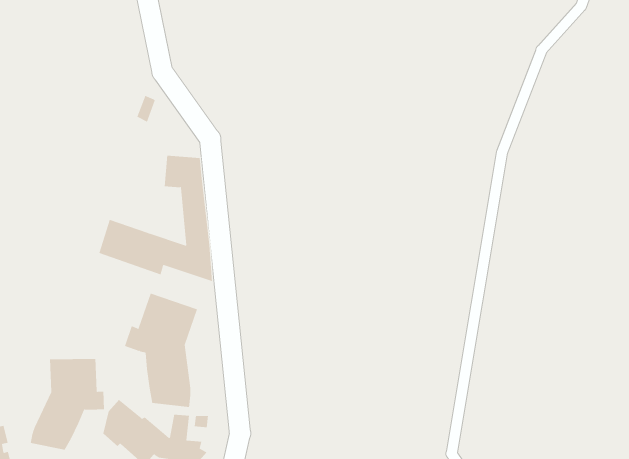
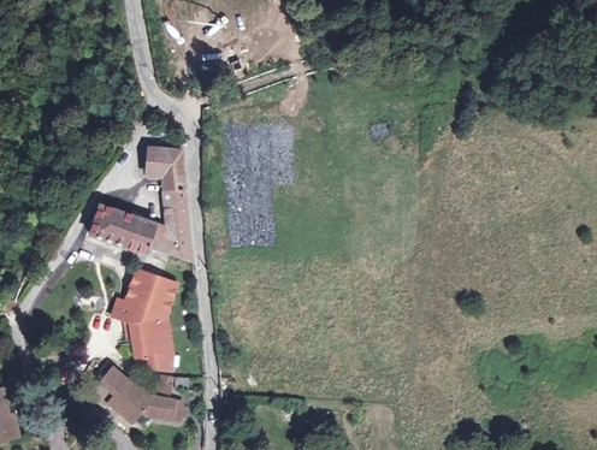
building: [30,358,104,451] -> none

